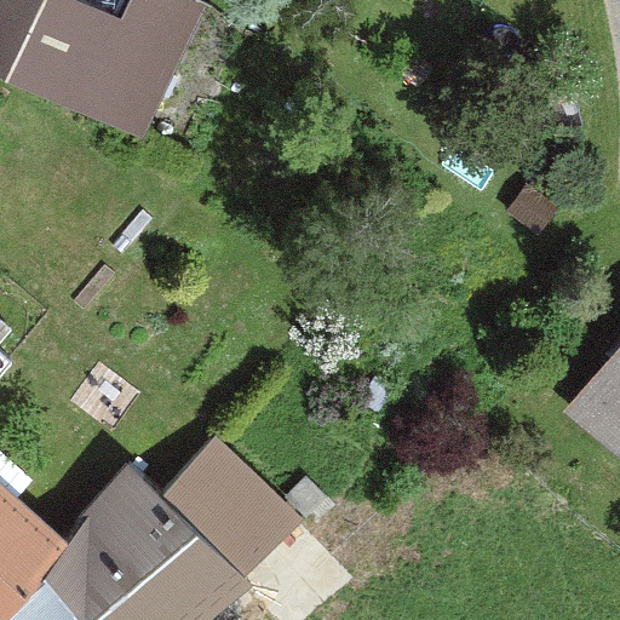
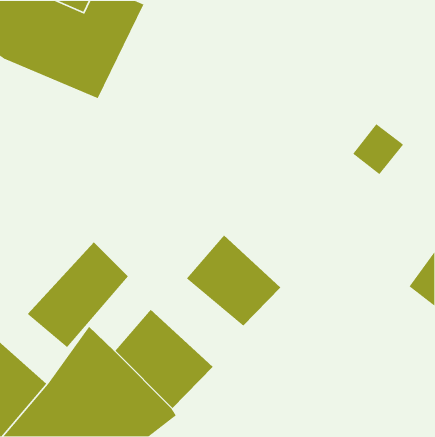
building: none -> [186,235,281,326]
building: none -> [27,241,129,348]

